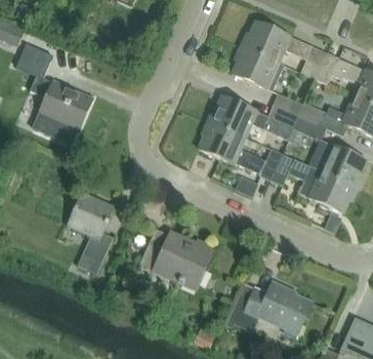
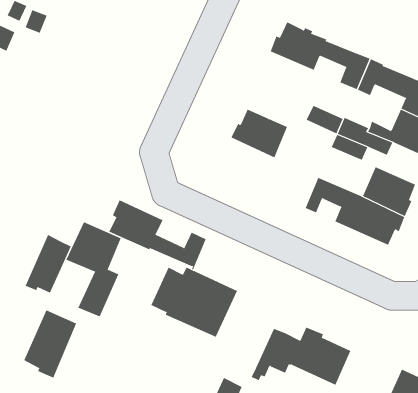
building: [233,46,285,91] -> none
building: [17,47,94,145] -> none
building: [252,105,299,139] -> none
building: [199,120,283,181] -> [108,200,207,270]
building: none -> [25,234,72,293]
building: none -> [23,310,77,378]

